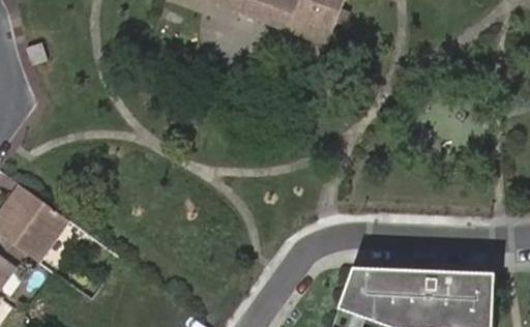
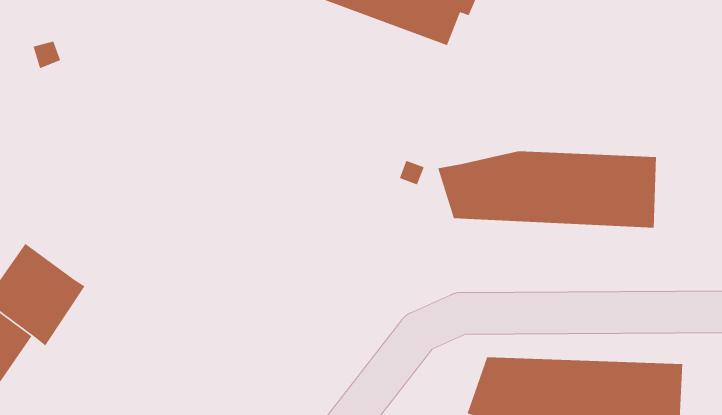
building: none -> [437,150,657,229]

